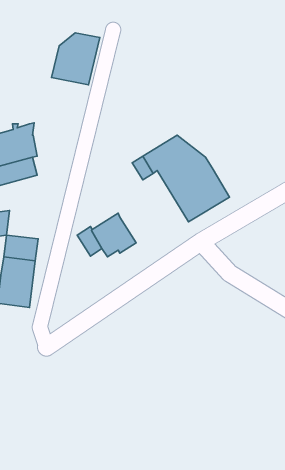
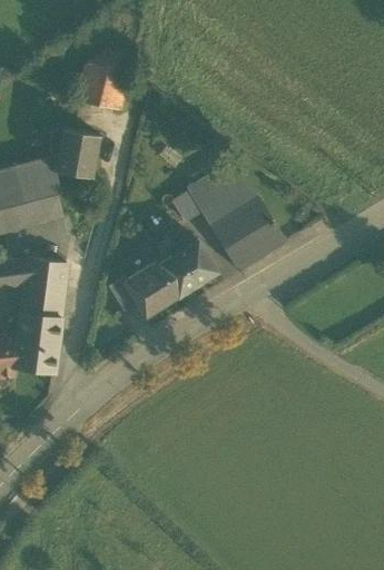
building: none -> [56,129,99,177]
building: none -> [158,240,217,296]
building: none -> [26,258,67,292]

